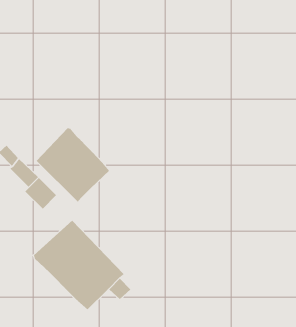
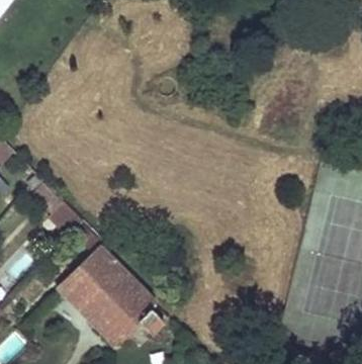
building: [36,127,110,202] -> none

